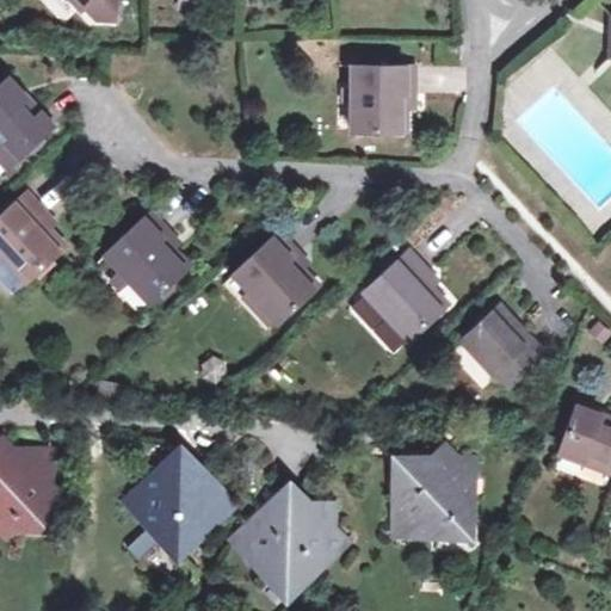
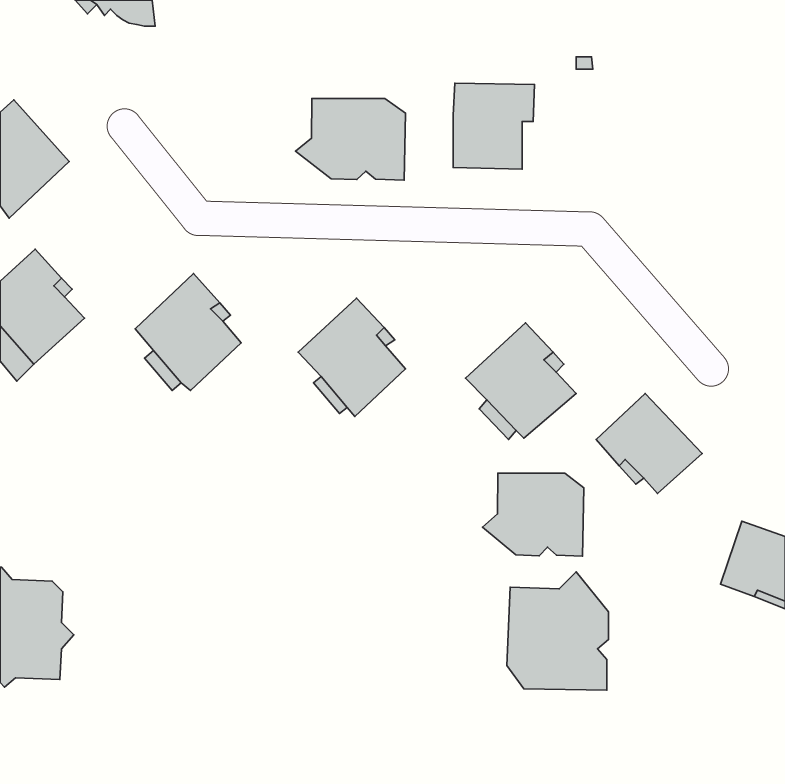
building: none -> [295,98,406,180]
building: none -> [483,473,584,556]
building: [137,449,227,557] -> none
building: [234,483,338,599] -> none

